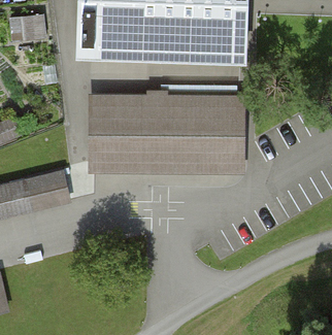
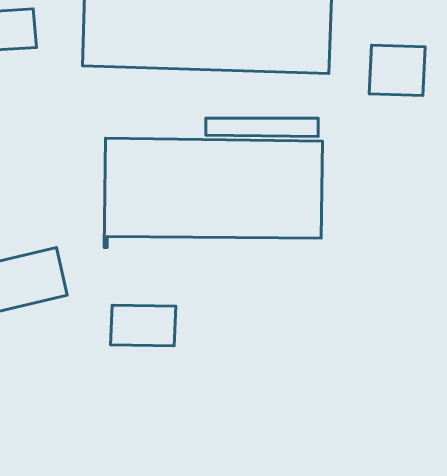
building: none -> [369,45,425,95]
building: none -> [111,305,176,346]

